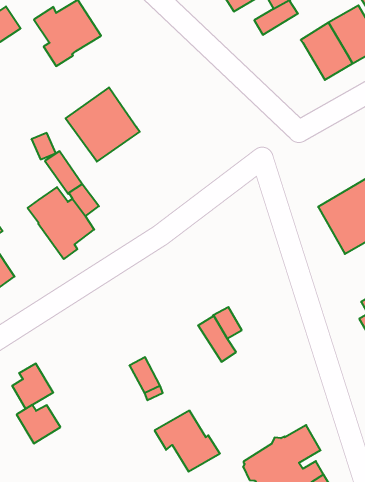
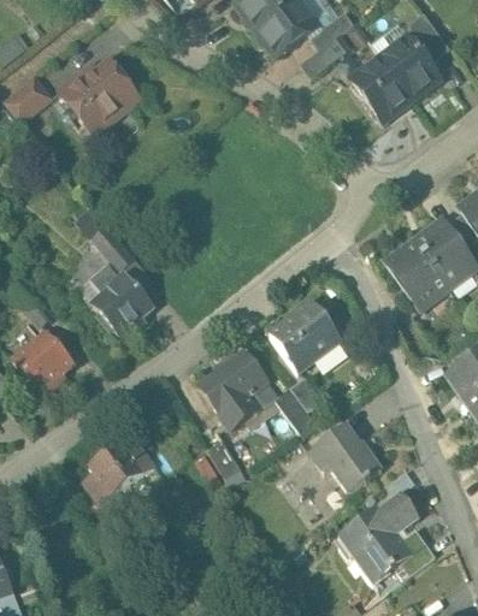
building: [66,87,140,162] -> none
building: none -> [268,298,340,367]
building: none -> [197,349,273,425]
building: [17,405,60,443] -> [105,440,153,482]
building: [155,411,220,472] -> [308,422,380,487]

